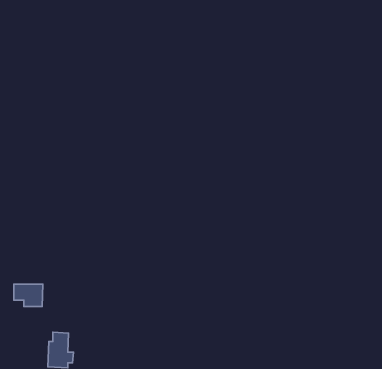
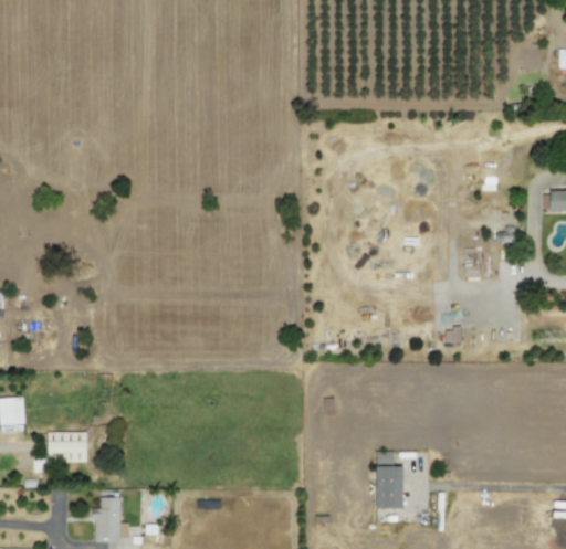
building: none -> [375,453,402,509]

